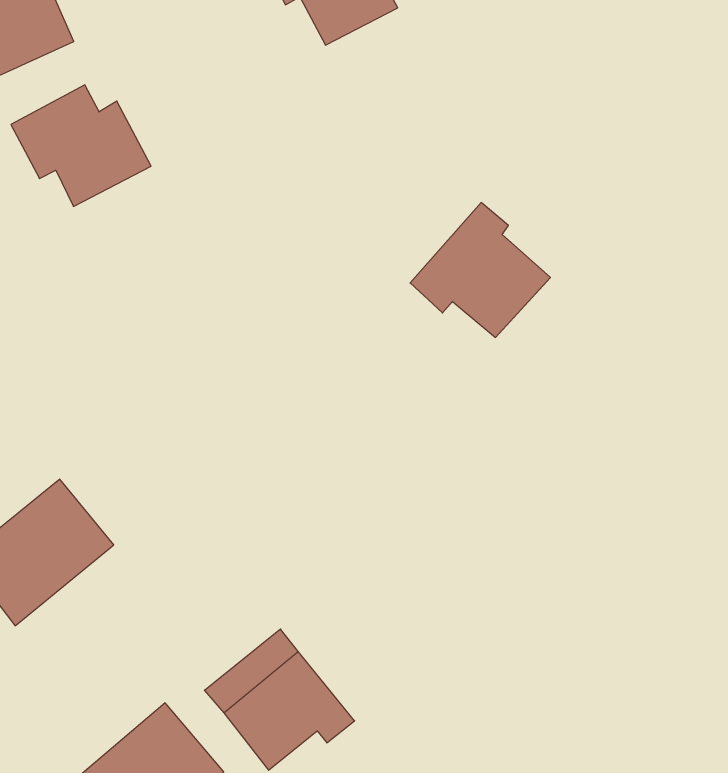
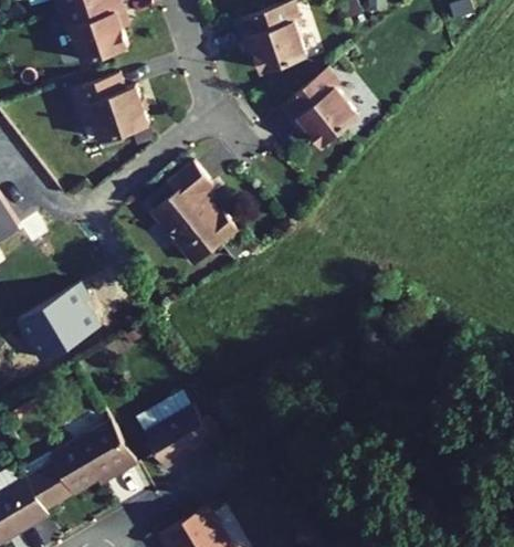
building: [410,203,550,337] -> [281,66,360,144]
building: none -> [153,161,238,263]

